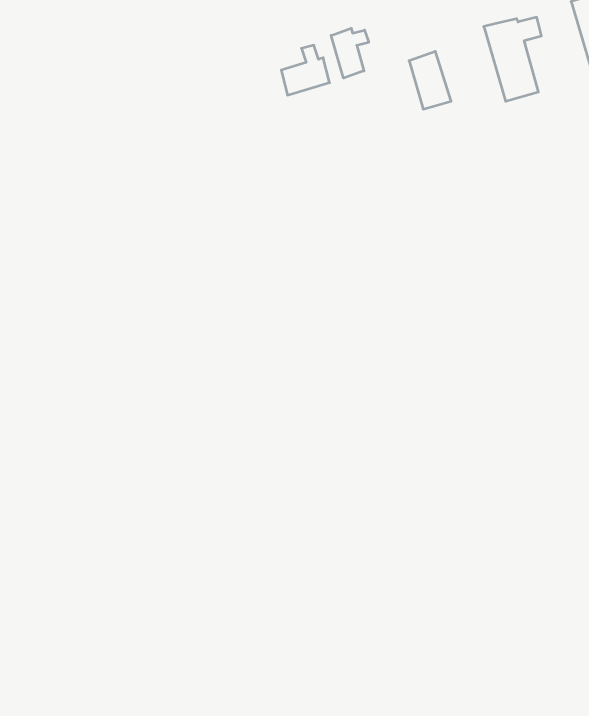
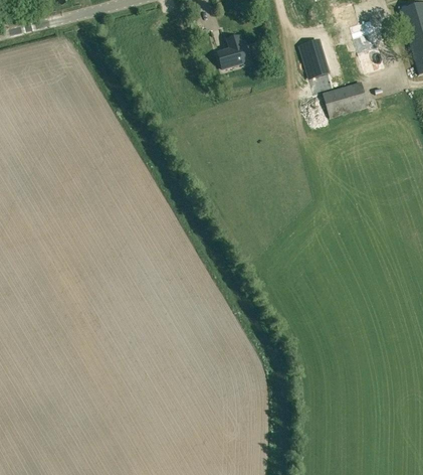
building: [331,28,369,78] -> none
building: none -> [321,82,369,119]

